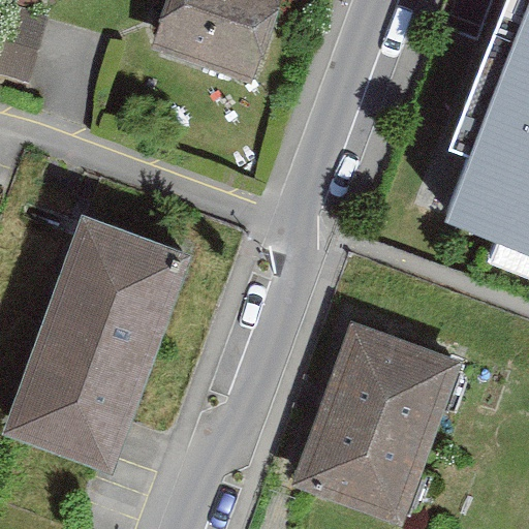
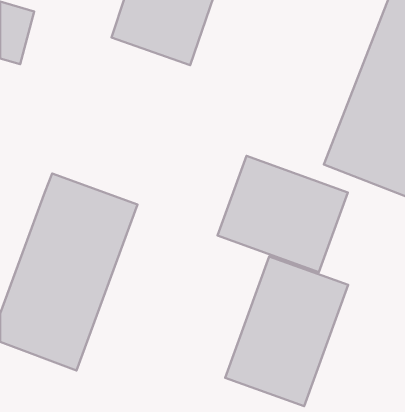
building: none -> [218,156,348,272]

